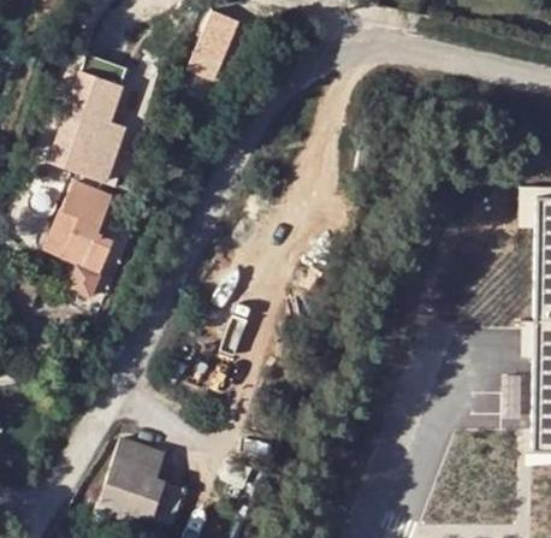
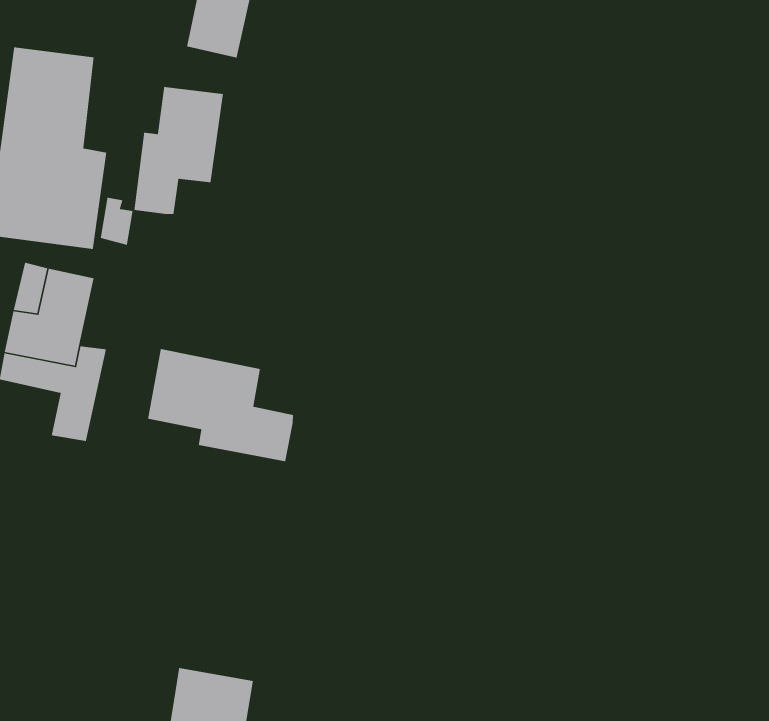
building: none -> [133,86,224,215]
building: none -> [147,348,294,462]

